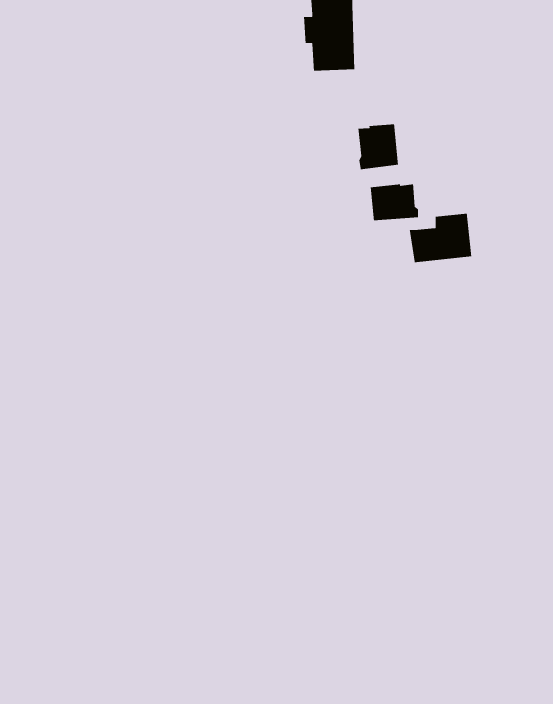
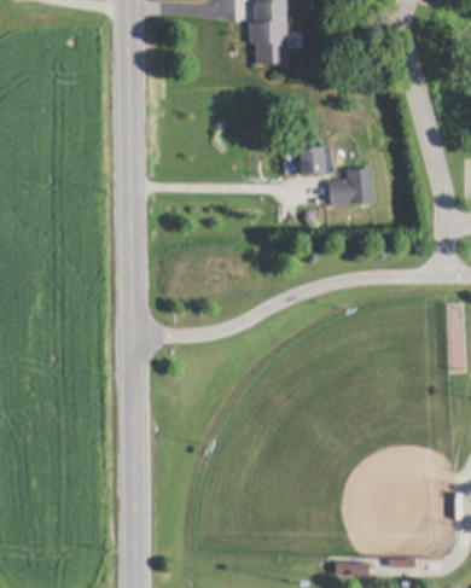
building: [358,124,399,170] -> none

